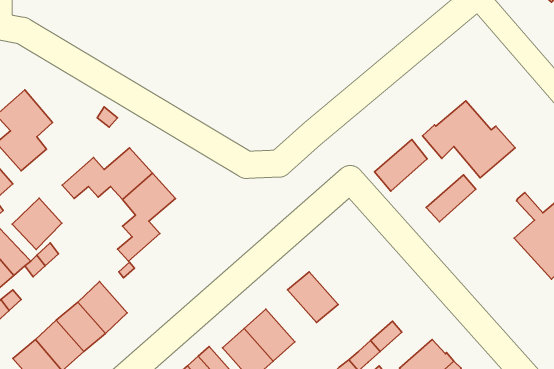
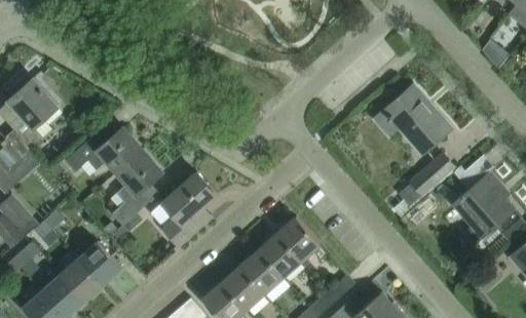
building: [374,140,427,191] -> none
building: [426,175,476,222] -> [412,156,454,196]
building: [12,198,62,249] -> none
building: none -> [162,172,218,245]
building: none -> [276,216,321,262]
building: none -> [239,249,283,293]

